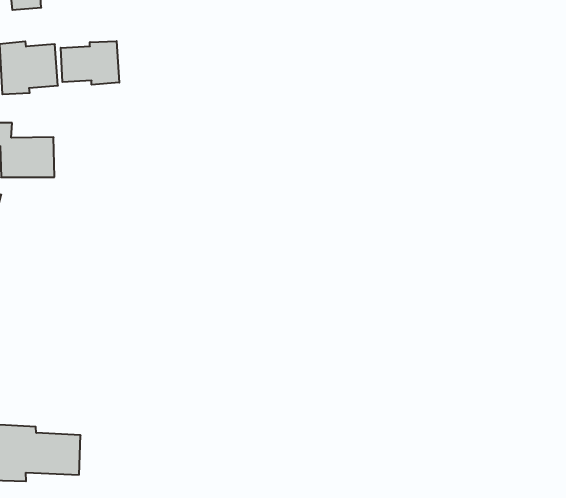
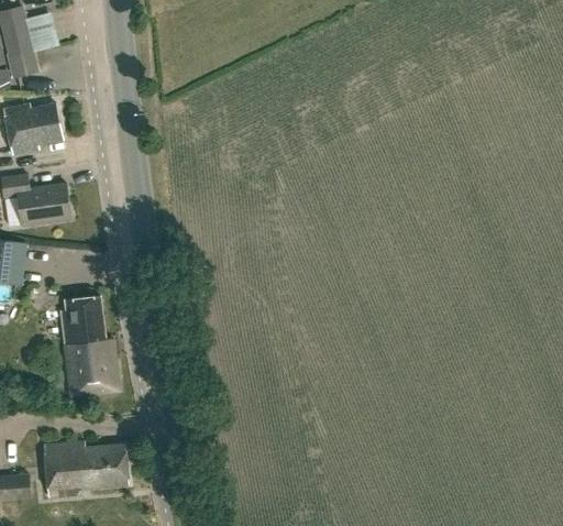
building: [61,41,119,85] -> none
building: none -> [59,298,119,398]

